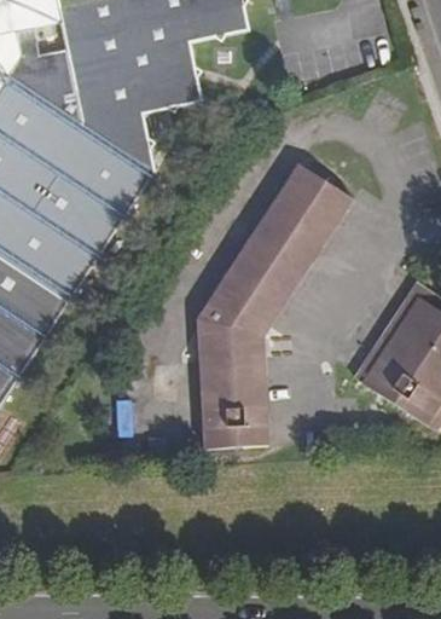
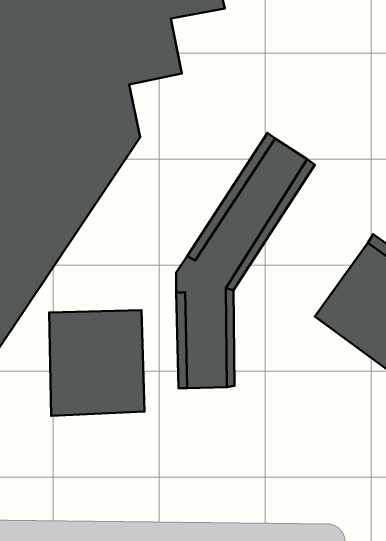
building: none -> [49,310,145,416]

